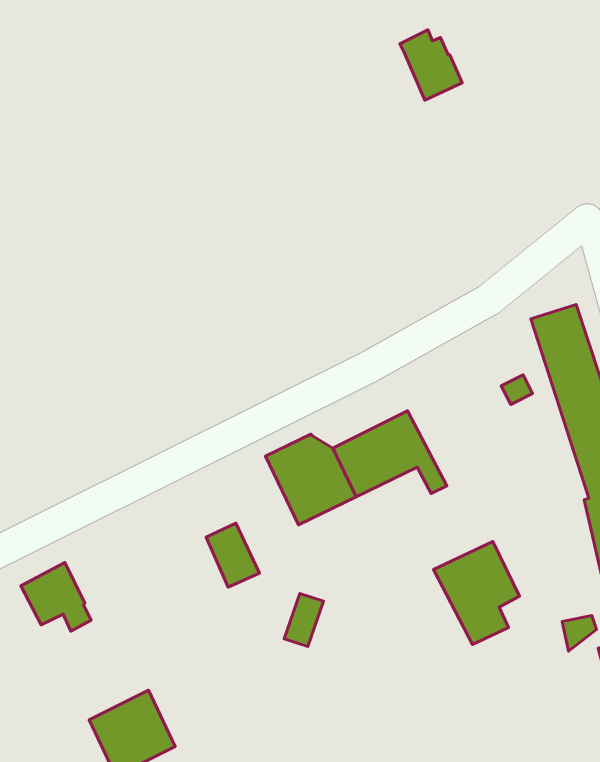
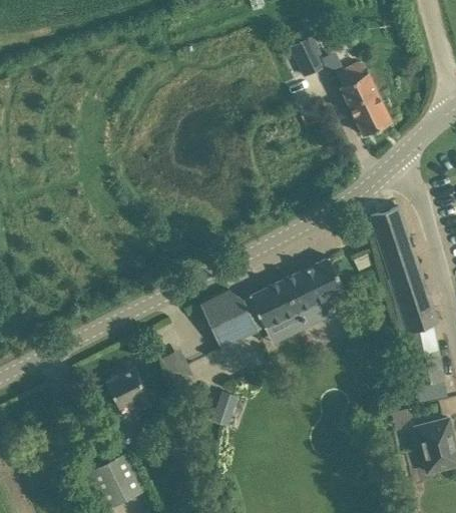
building: none -> [337,63,392,135]
building: [434,541,519,645] -> [292,258,347,324]
building: [21,563,91,631] -> [106,368,151,412]

